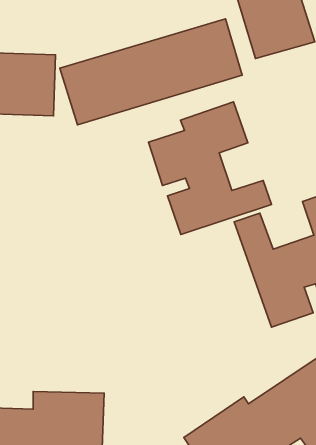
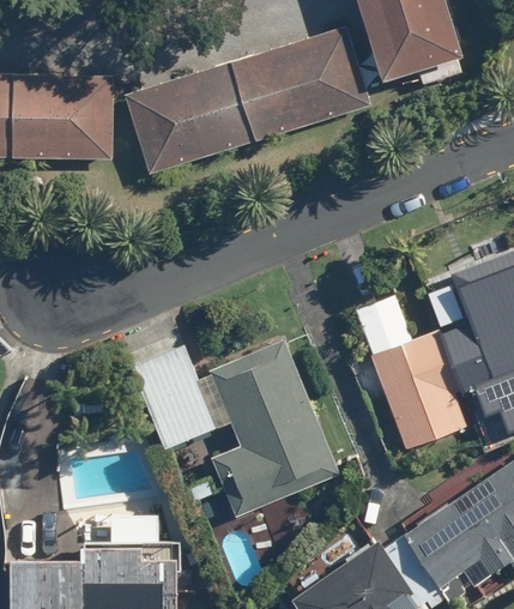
building: [149,102,271,234] -> none
building: none -> [129,342,335,513]

